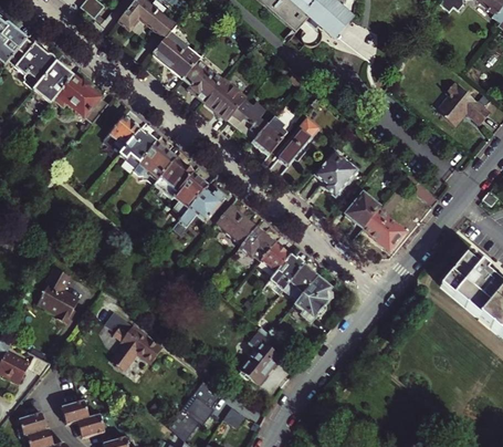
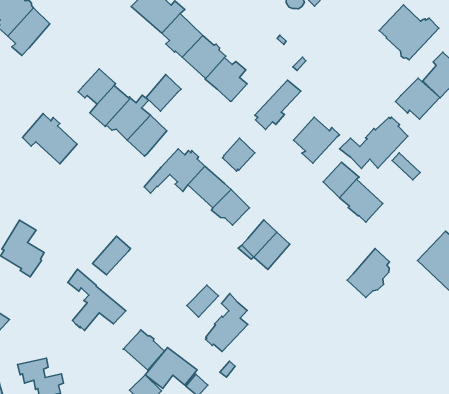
building: none -> [379,5,439,60]
building: [55,74,108,122] -> [22,114,77,164]
building: none -> [395,78,440,119]
building: [252,122,283,154] -> [222,138,255,171]
building: none -> [340,117,408,168]
building: [175,171,208,207] -> [146,75,181,111]
building: [261,241,291,271] -> none
building: [292,274,332,322] -> [347,249,389,297]
building: none -> [93,236,130,275]
building: none -> [187,285,219,317]
building: none -> [123,330,164,370]

